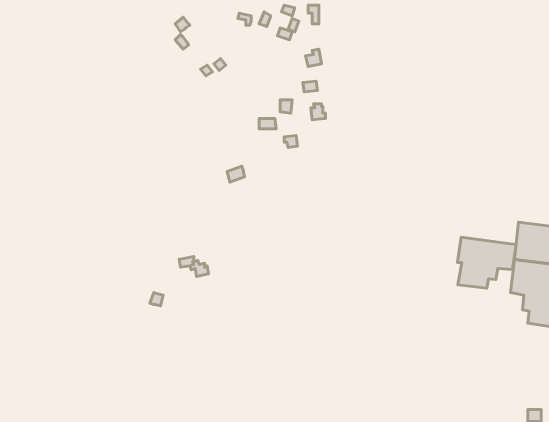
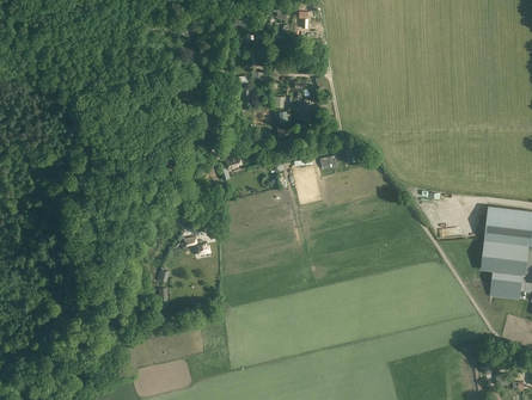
building: [457,237,516,288] -> none

